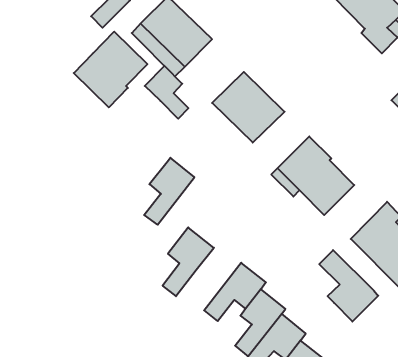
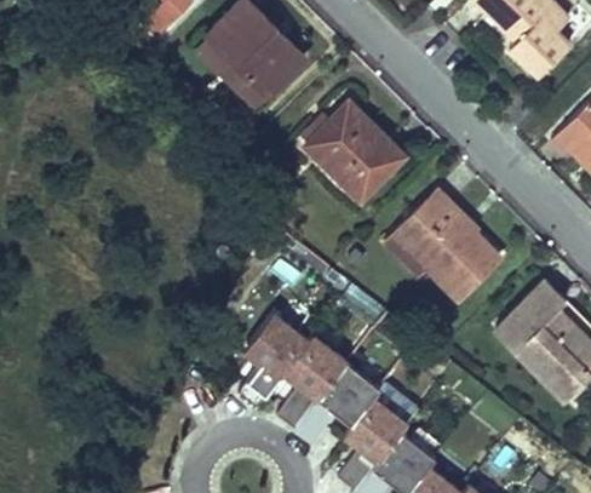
building: [74,32,147,107] -> none
building: [145,66,188,119] -> none
building: [144,158,194,225] -> [276,336,345,428]
building: [319,250,378,322] -> none

